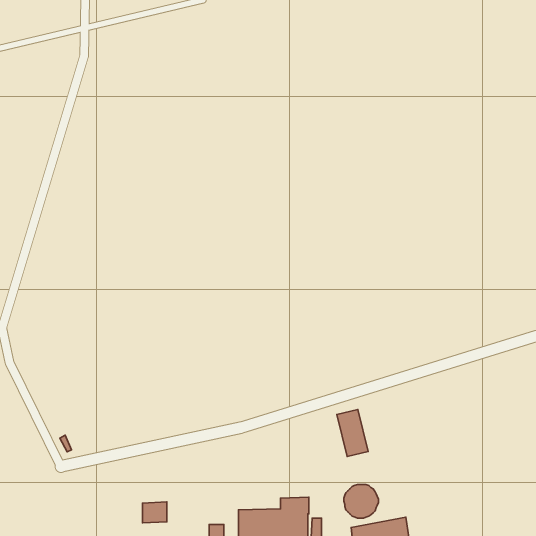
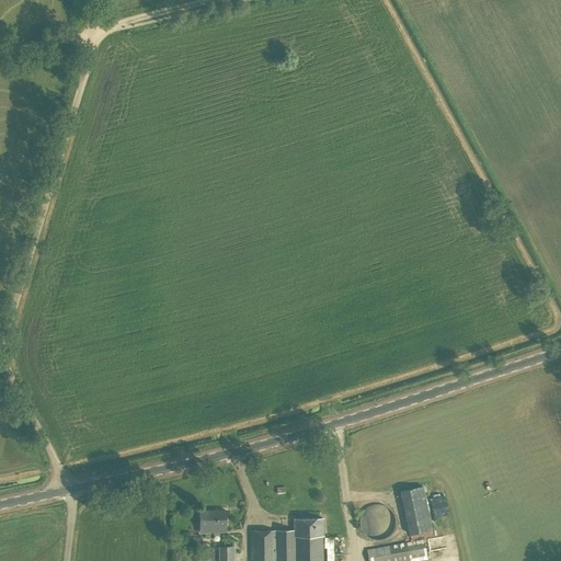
building: [337,409,368,457] -> [400,485,433,535]
building: [143,502,167,523] -> [199,512,225,534]

